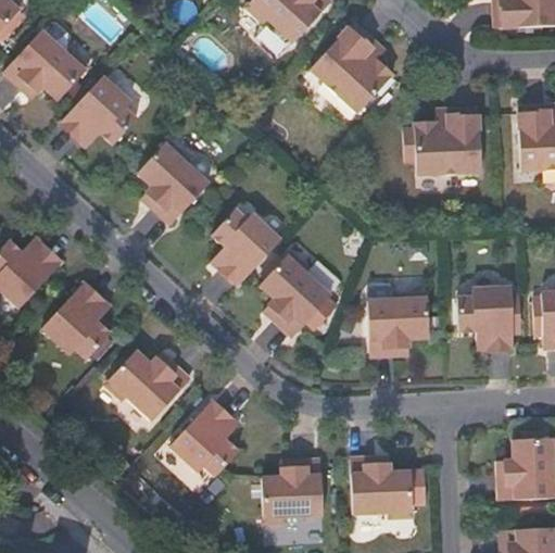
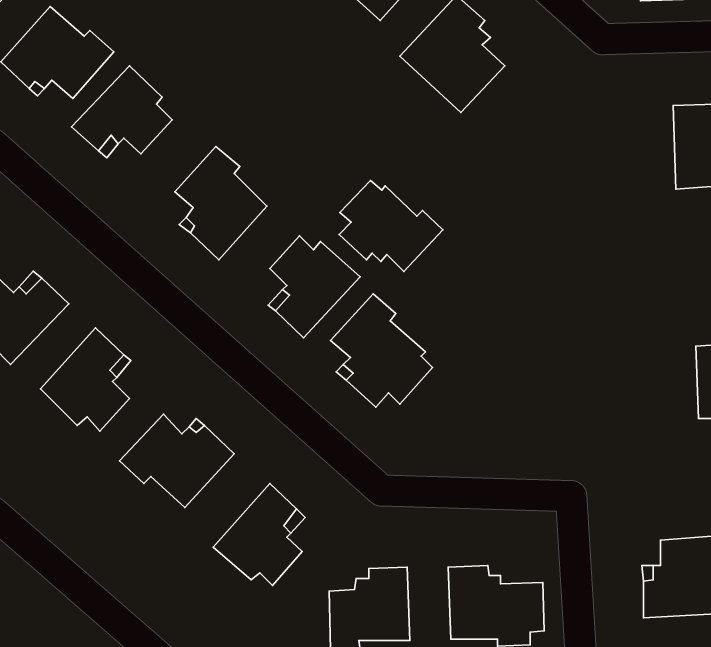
building: [414,110,480,175] -> none
building: none -> [339,181,443,272]
building: [455,284,512,349] -> none
building: [362,291,425,355] -> none

